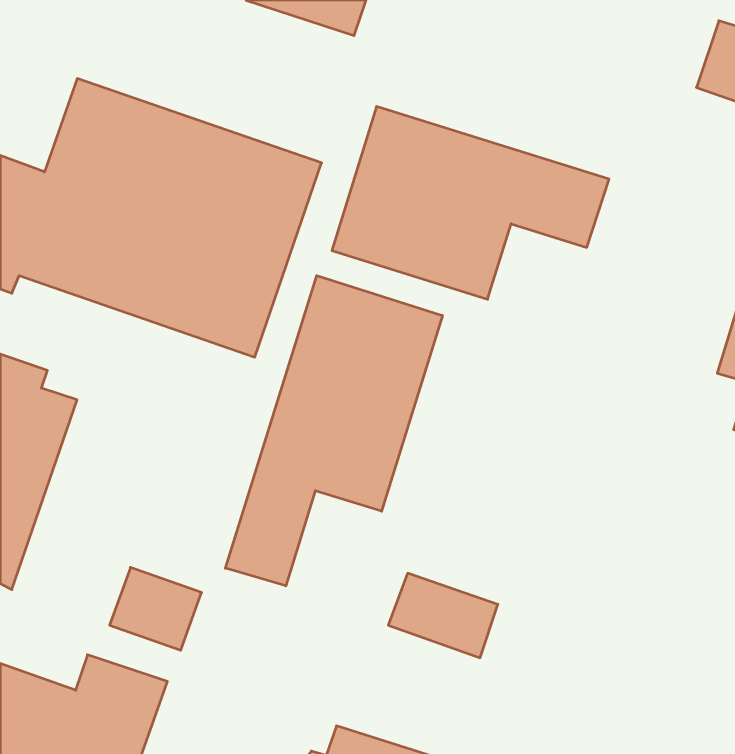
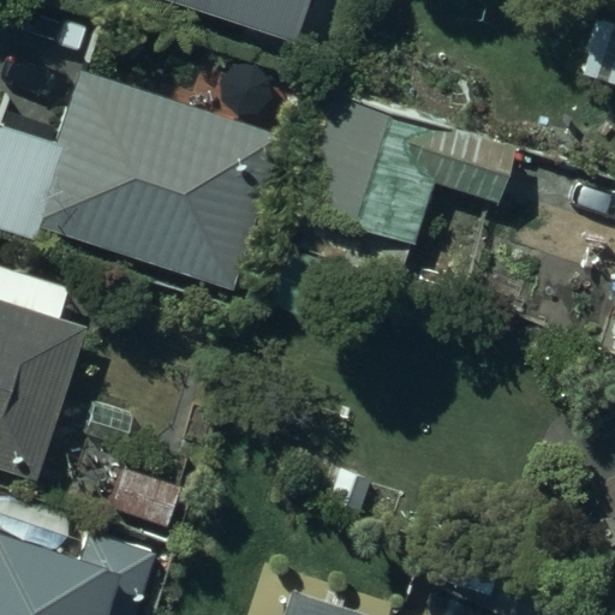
building: [225,276,442,586] -> none

